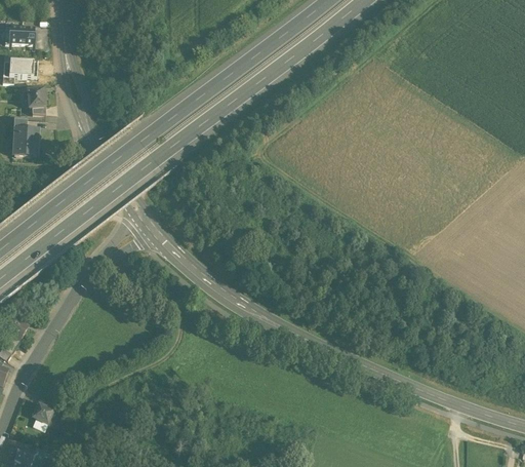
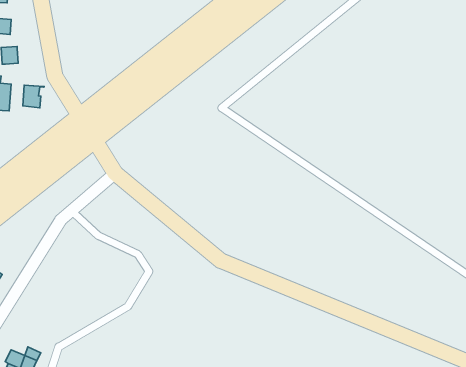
building: none -> [23,85,44,108]

